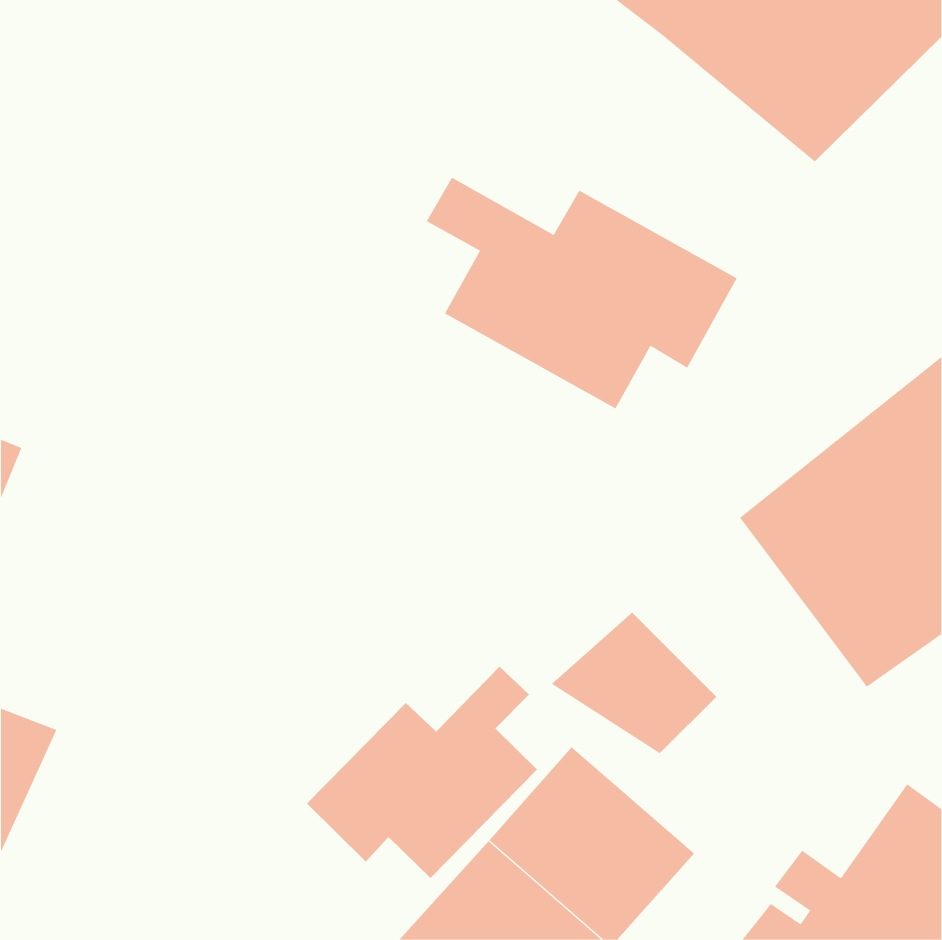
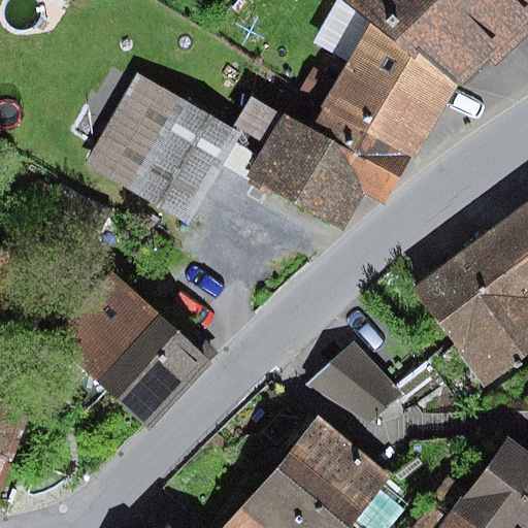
building: none -> [324,20,458,156]
building: none -> [87,77,242,227]
building: none -> [54,275,206,427]
building: [306,666,538,879] -> none

